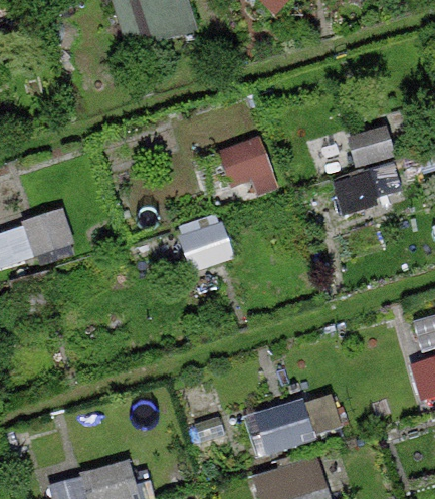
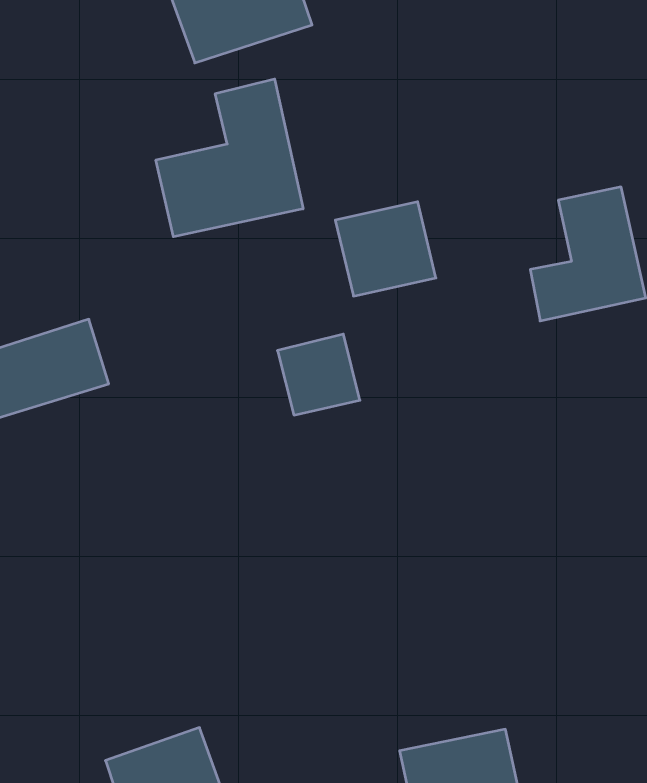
building: none -> [156,79,303,237]
building: [254,393,340,451] -> none

